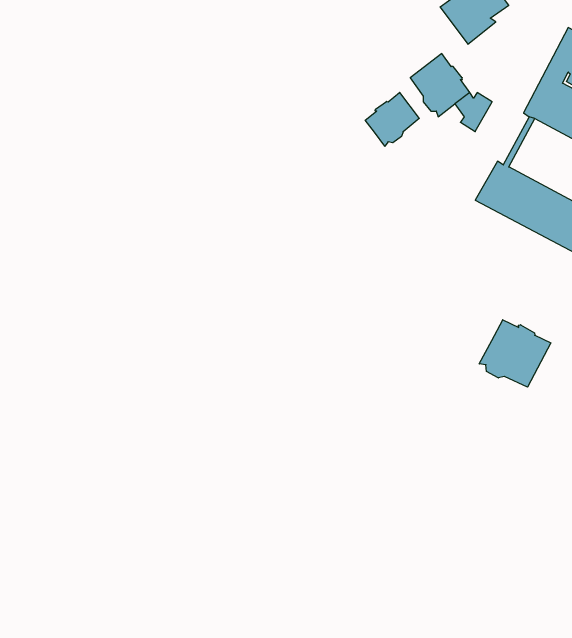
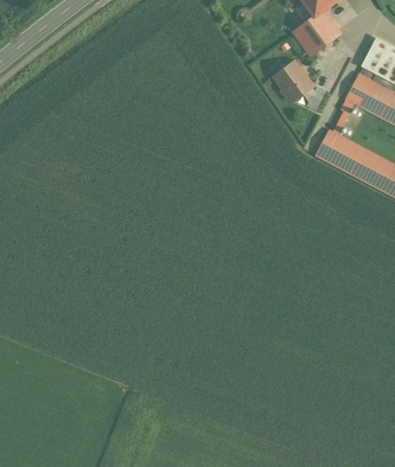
building: [365,92,419,146] -> none
building: [479,320,551,387] -> none

